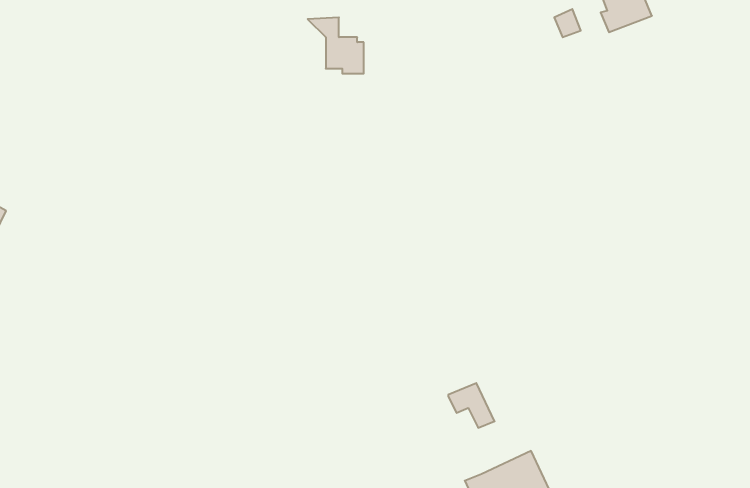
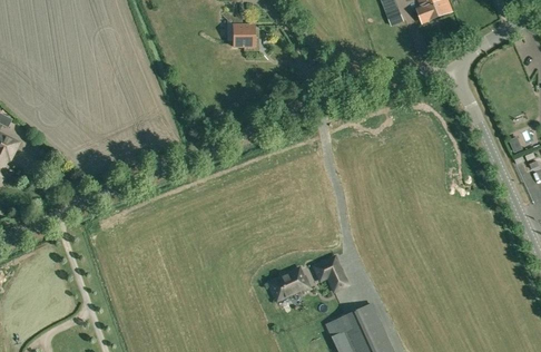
building: none -> [272,271,308,297]

